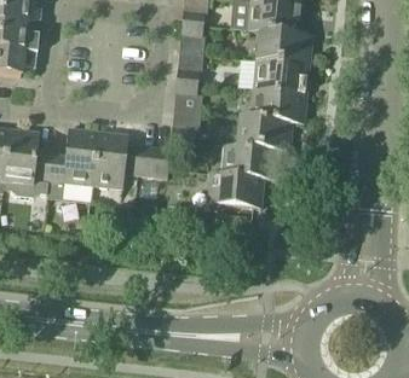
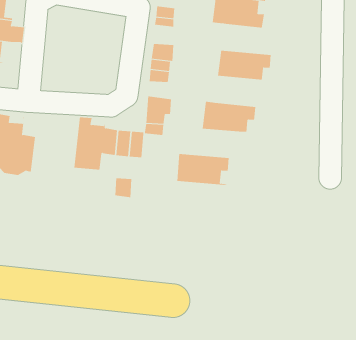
building: [254,29,311,63] -> none
building: [248,86,307,120] -> none
building: [47,127,99,199] -> none
building: [220,143,278,175] -> none

